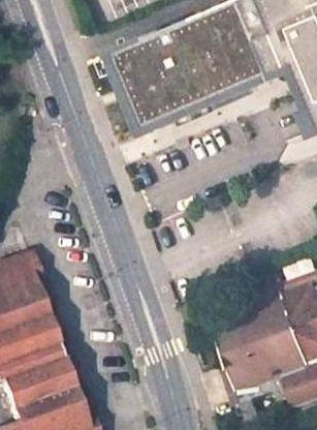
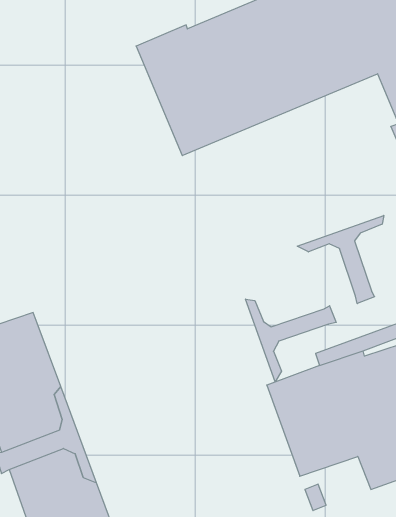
building: none -> [297,215,384,304]
building: none -> [246,299,336,382]

